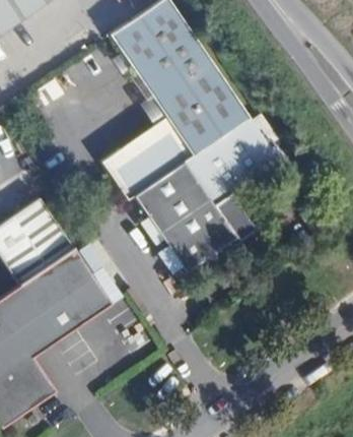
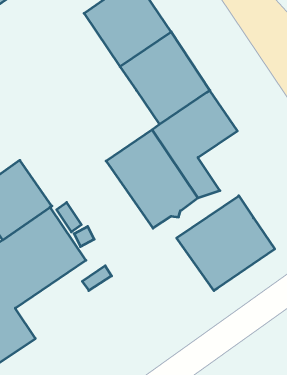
building: [105,118,193,198] -> none
building: none -> [177,196,275,291]

